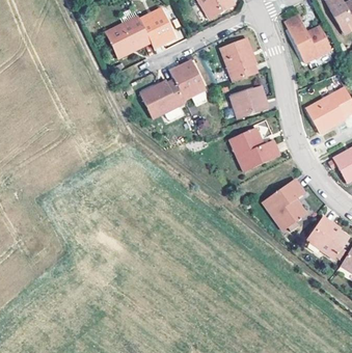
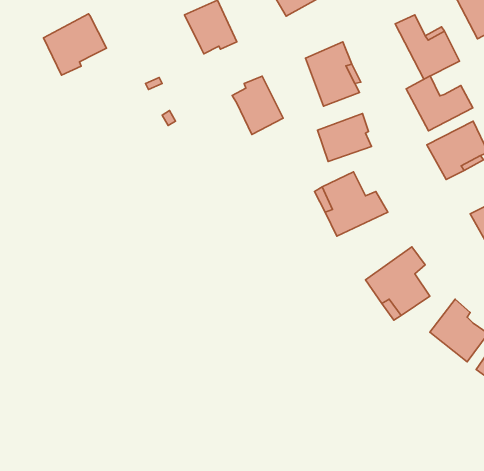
building: [107,17,151,59] -> [44,14,106,75]
building: none -> [406,76,473,131]
building: [141,79,187,119] -> none

